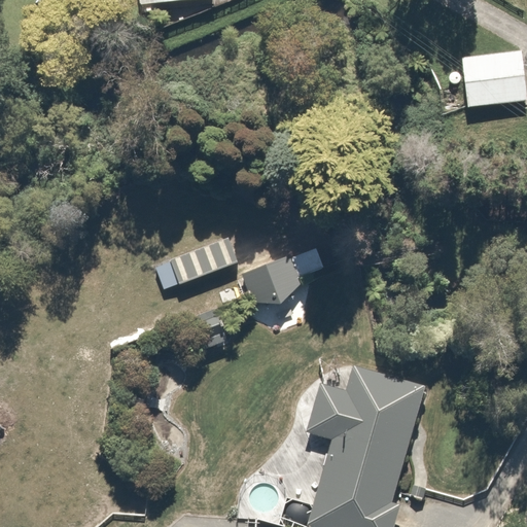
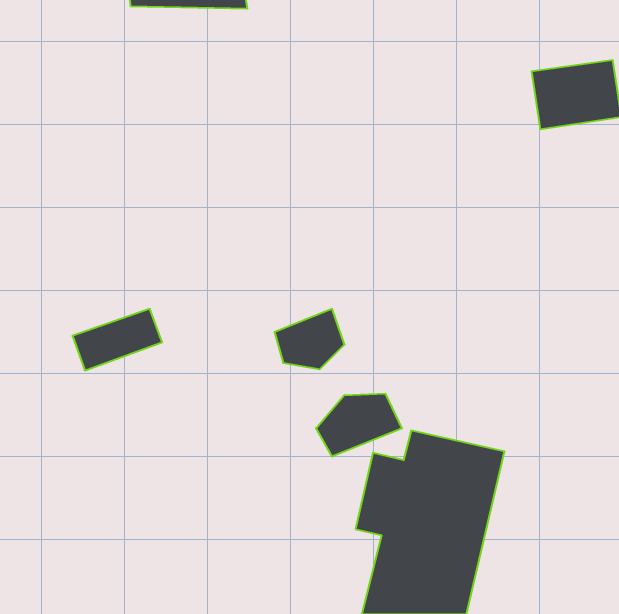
building: [157,237,233,288] -> [72,309,162,370]
building: none -> [316,394,402,457]

